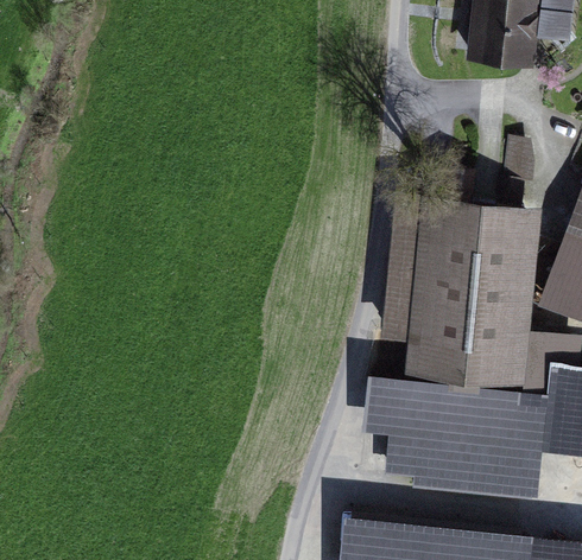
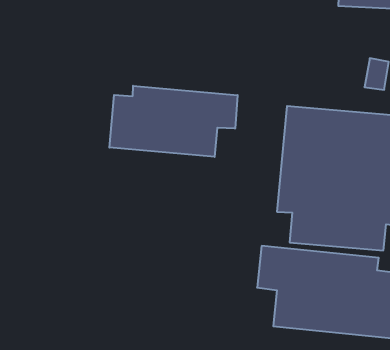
building: none -> [109,86,238,157]

